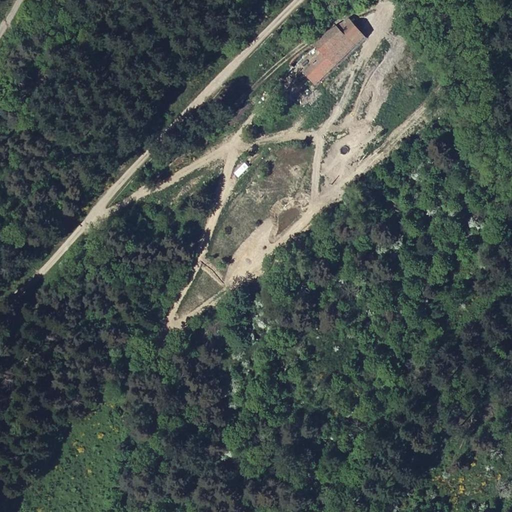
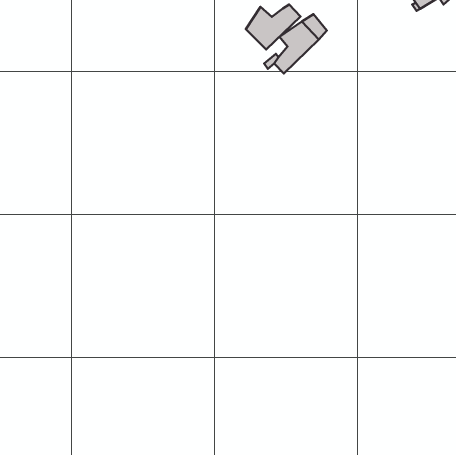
building: none -> [246,5,300,50]

